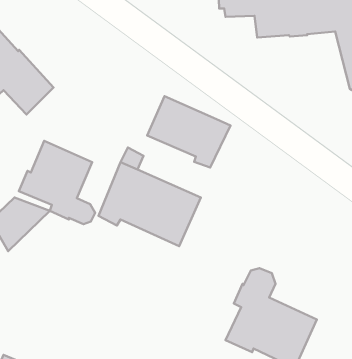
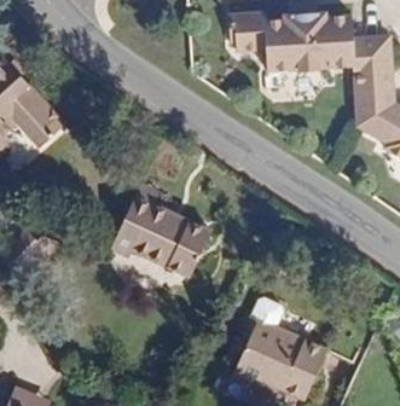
building: [147,96,230,168] -> none
building: [19,141,95,224] -> none

